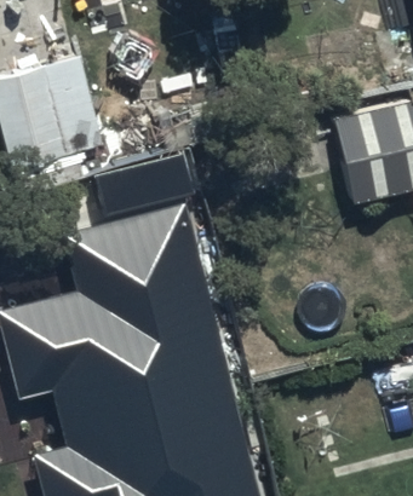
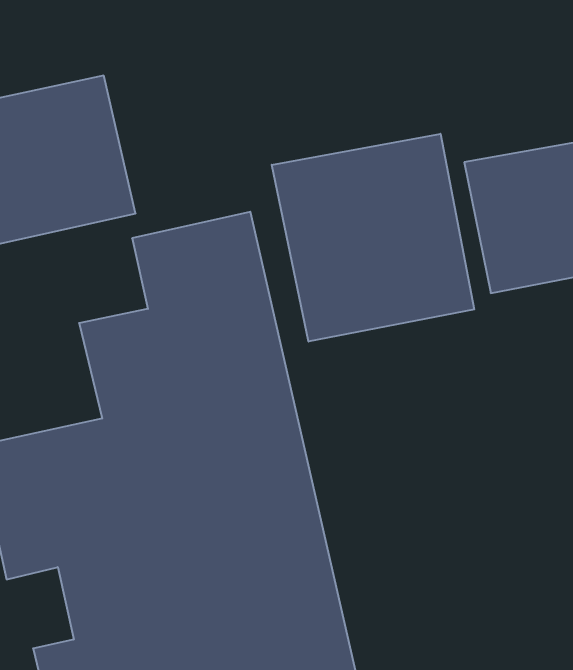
building: none -> [272,134,474,342]

